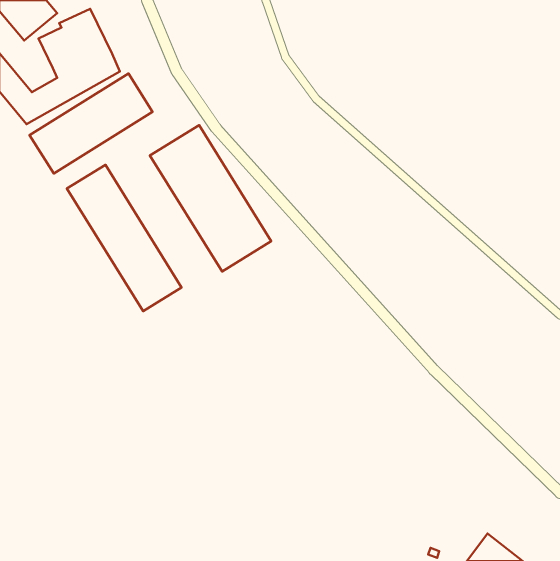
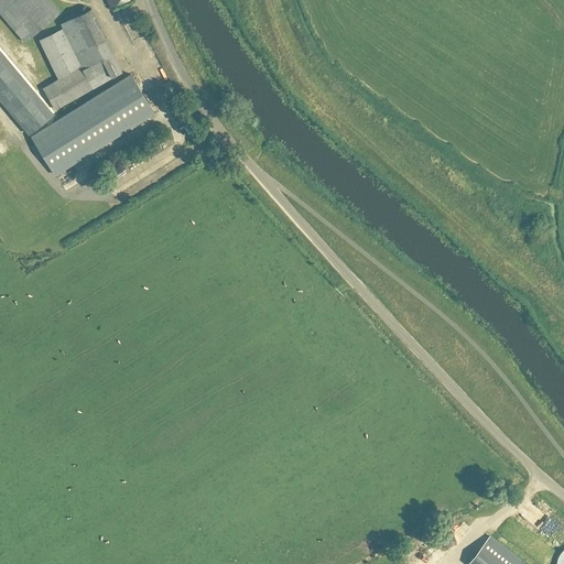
building: [150,125,271,271] -> none
building: [67,165,182,311] -> none

